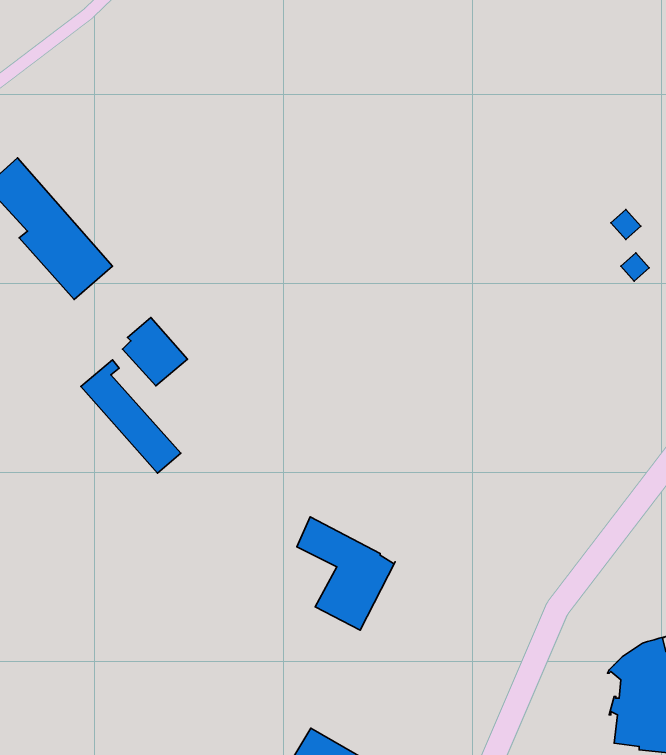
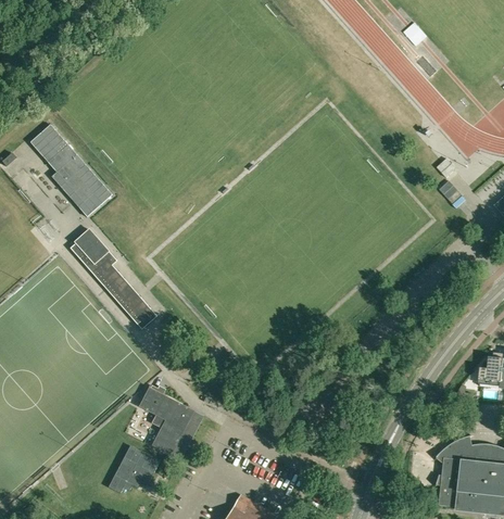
building: [123,318,188,386] -> [70,228,112,273]
building: [297,517,395,630] -> [139,387,203,460]
building: none -> [109,445,159,493]

